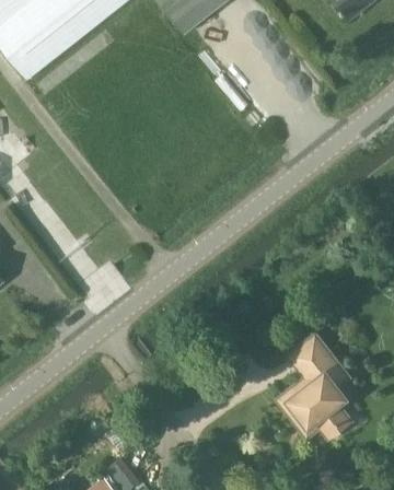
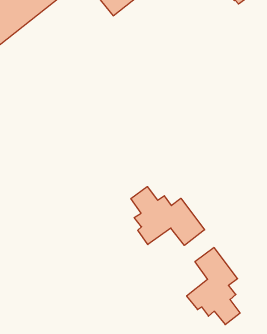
building: none -> [131,187,205,245]

